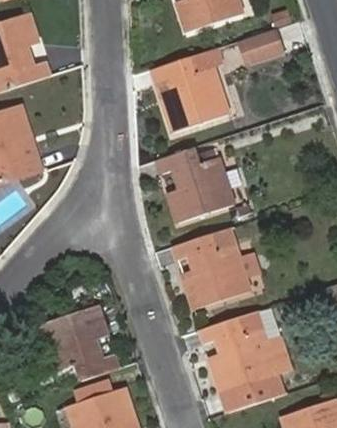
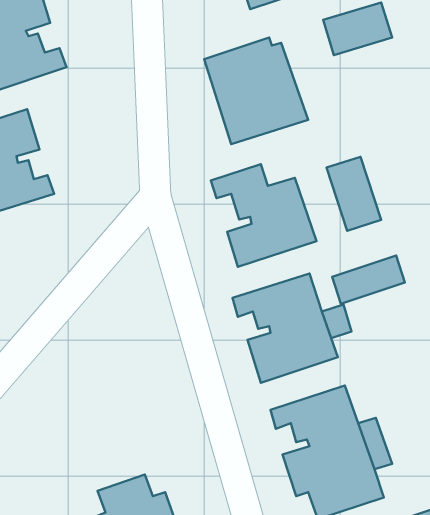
building: none -> [327,157,381,231]
building: none -> [332,255,405,304]
building: [41,304,119,380] -> none

